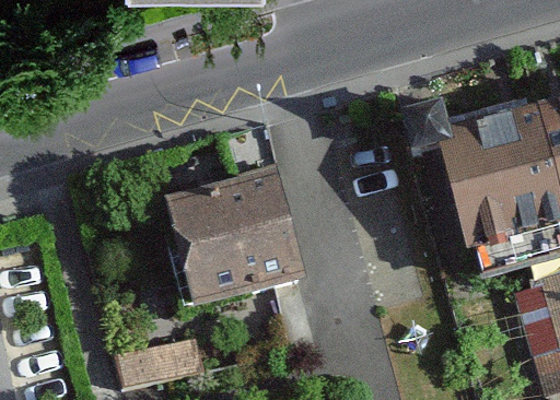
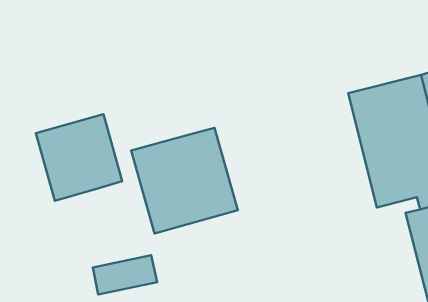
building: none -> [36,114,122,201]

